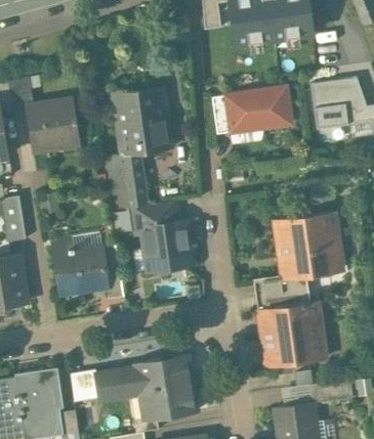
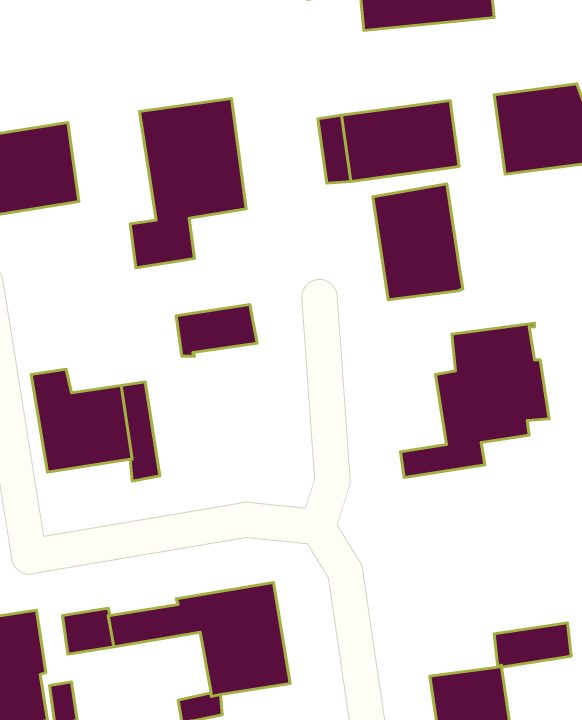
building: none -> [373,184,463,300]
building: [111,175,148,209] -> none
building: [142,221,192,275] -> none
building: [260,290,325,366] -> none

